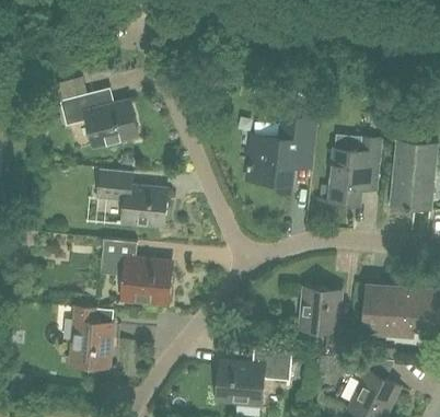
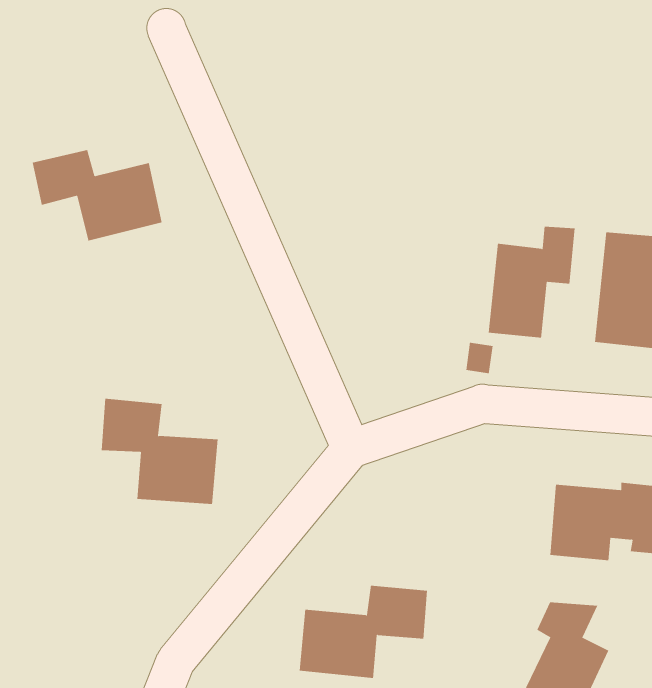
building: [247,118,314,184] -> none
building: [96,170,167,225] -> none
building: [301,288,351,357] -> none
building: [71,308,113,368] -> none

